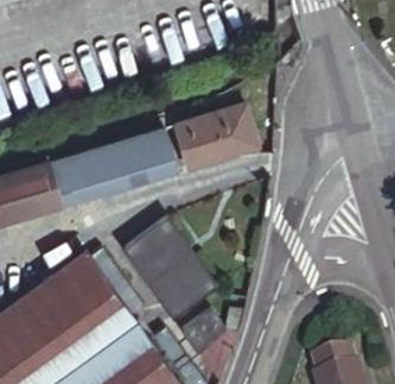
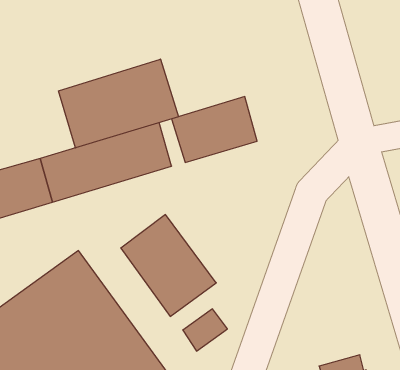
building: none -> [59,59,179,148]

